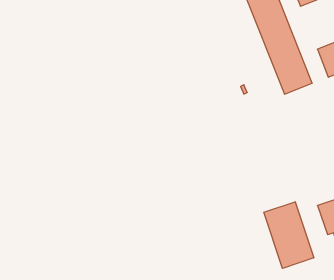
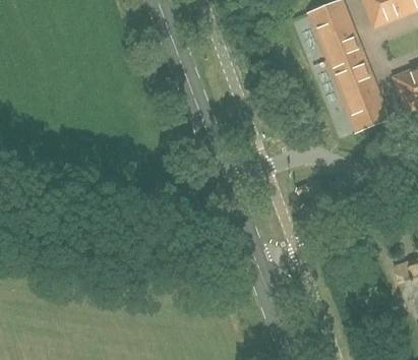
building: [264,202,314,268] -> none

